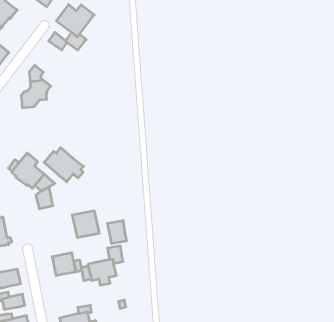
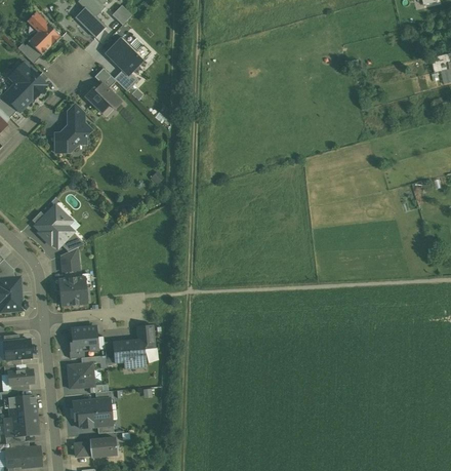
building: none -> [85,84,121,112]
building: [44,148,84,182] -> none
building: [72,211,99,237] -> [58,277,88,306]
building: [107,220,126,244] -> none
building: none -> [67,363,94,389]

